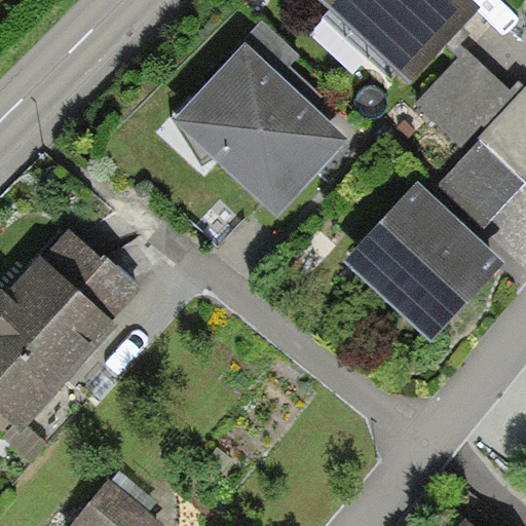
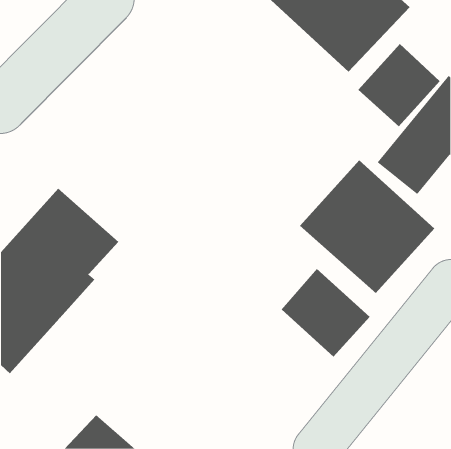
building: [173,22,347,216] -> none
building: none -> [281,268,371,357]

